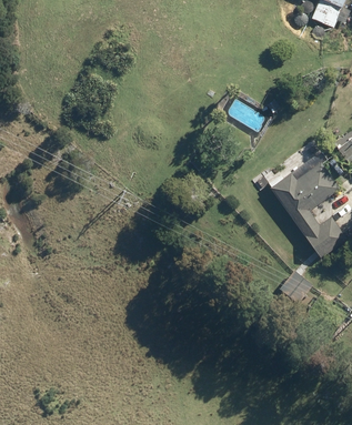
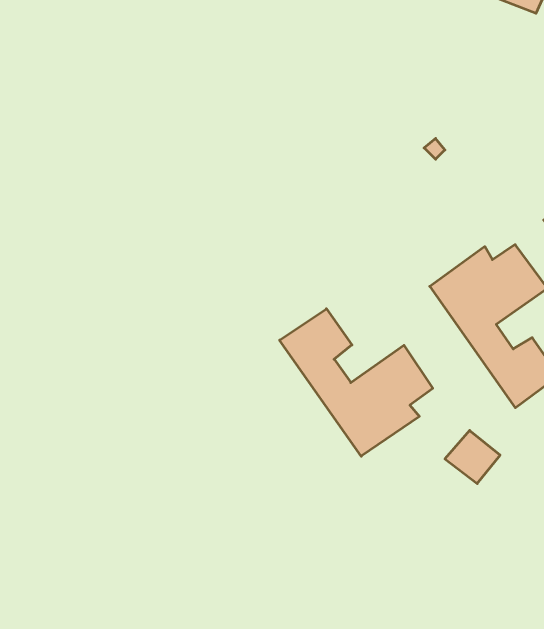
building: none -> [280,309,433,456]

